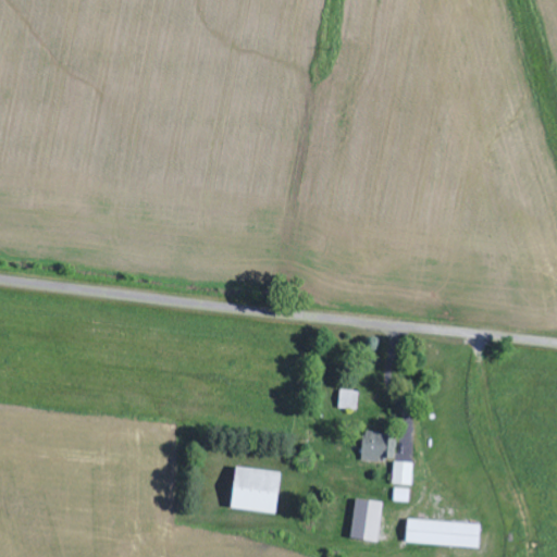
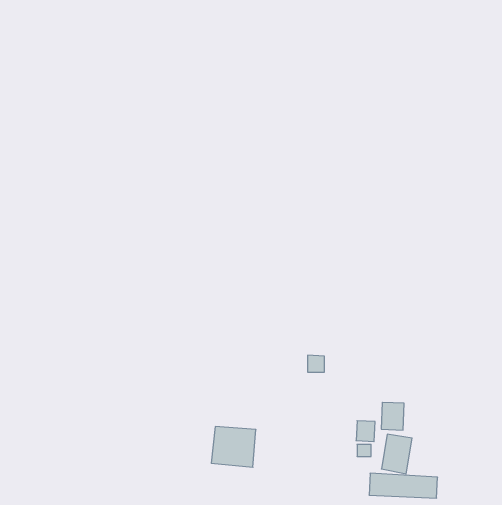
building: [360,431,385,461] -> [381,402,404,430]
building: [348,498,382,542] -> [381,434,412,474]

